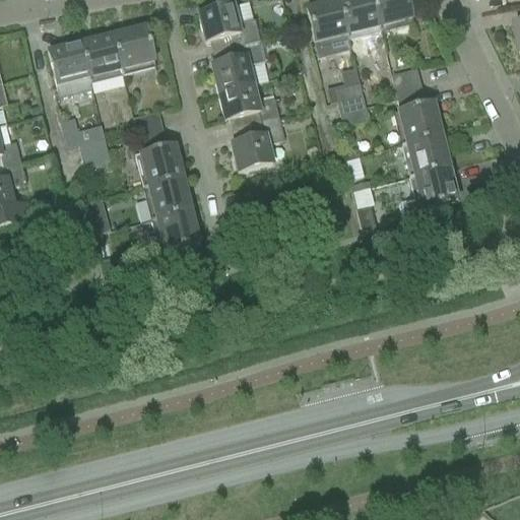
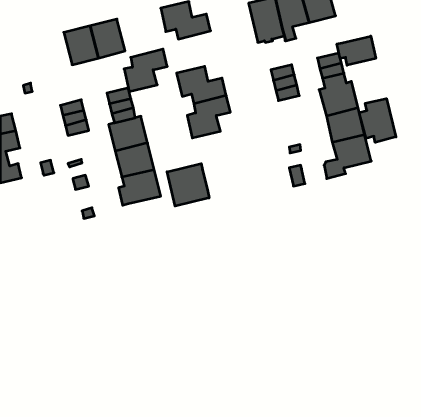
building: [213,38,266,89] -> [124,49,167,91]
building: [50,40,91,93] -> none
building: none -> [337,36,376,65]
building: none -> [359,99,396,142]
building: none -> [167,164,209,206]

